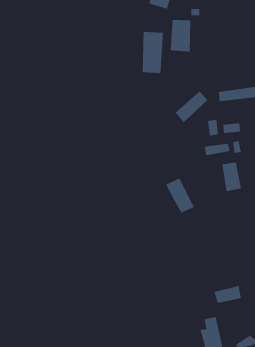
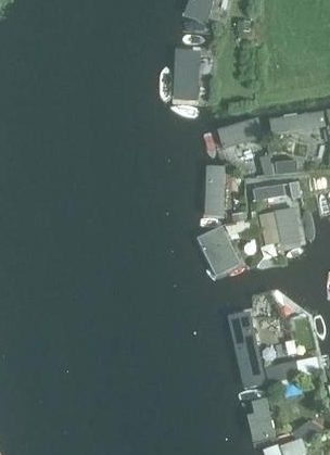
building: [170,19,191,52] -> none
building: none -> [206,166,226,217]
building: none -> [231,312,264,387]

